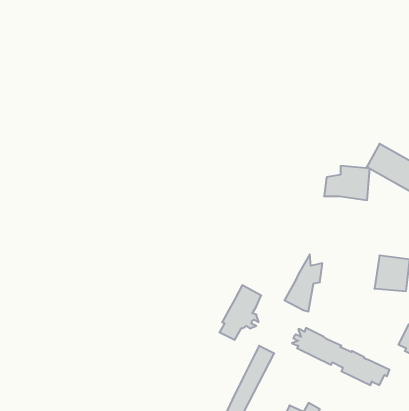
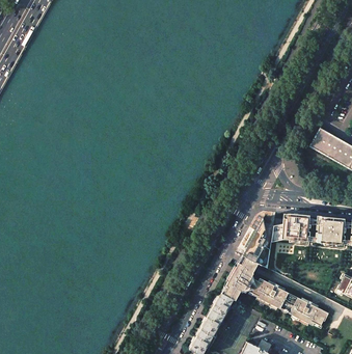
building: [324,166,370,200] -> [271,216,308,244]
building: [219,285,261,340] -> [223,255,258,300]

